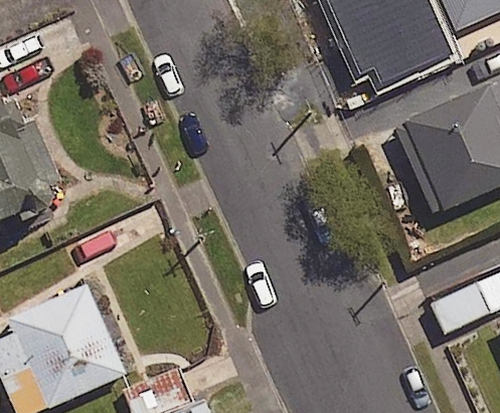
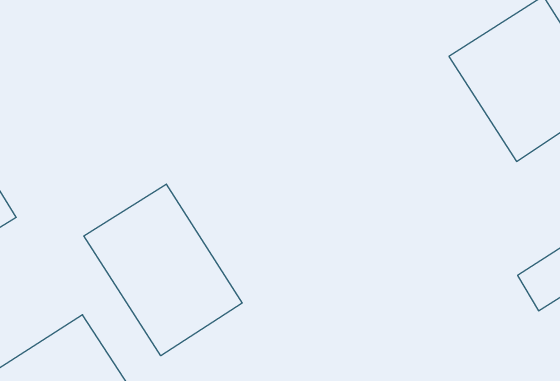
building: none -> [84,184,242,356]

